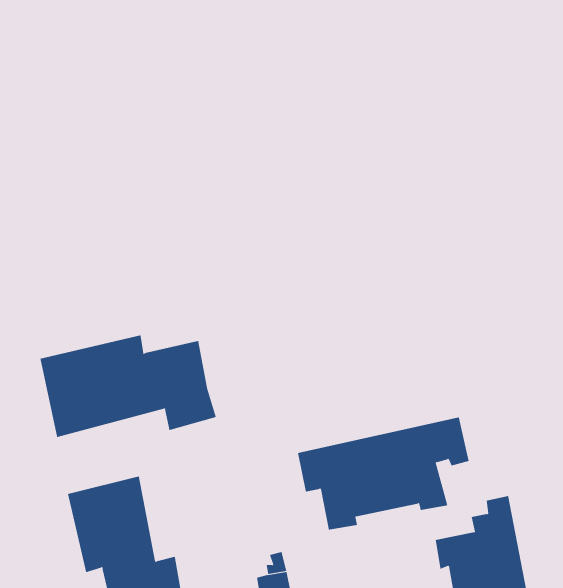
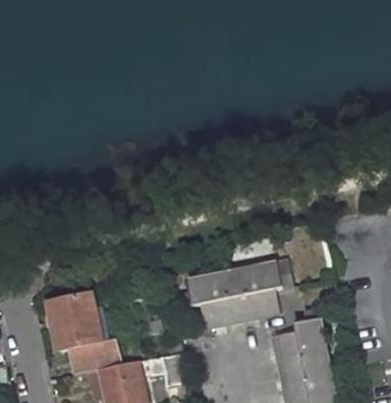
building: [40,334,217,438] -> none

